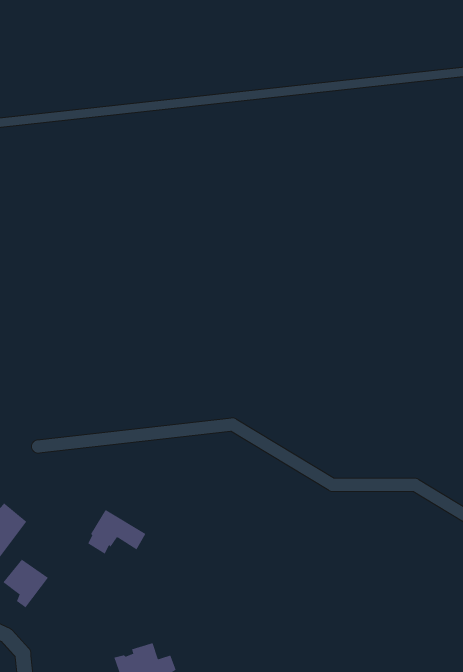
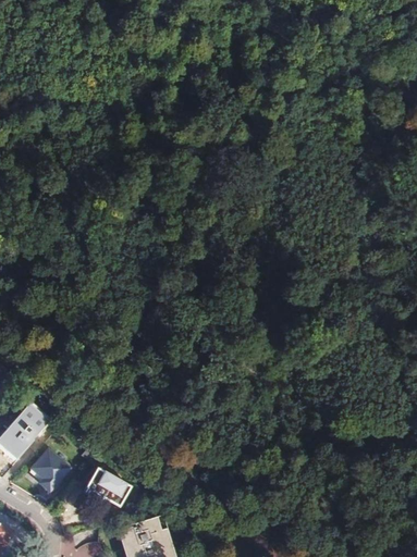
building: [87,509,146,554] -> [79,465,126,500]

